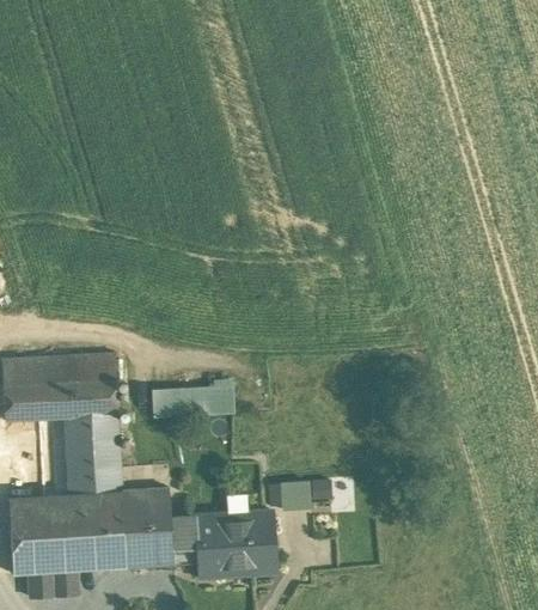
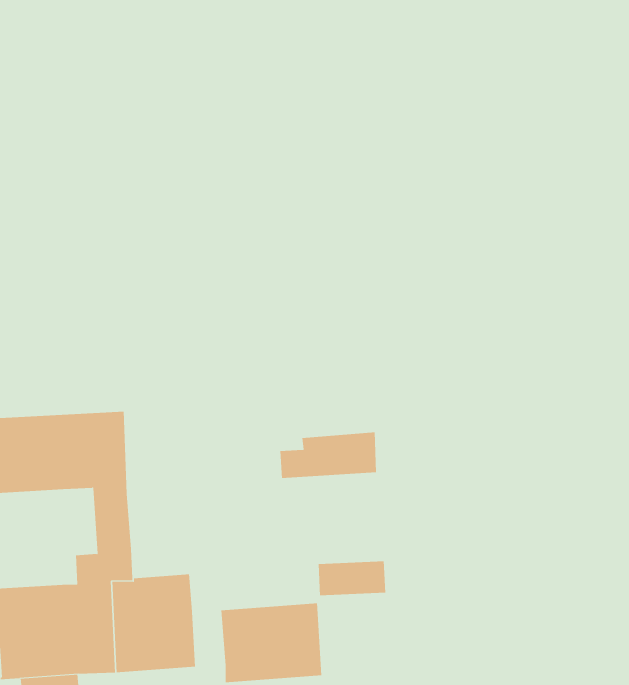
building: [152,378,232,416] -> [280,432,377,478]
building: [63,417,91,496] -> none
building: [170,518,196,565] -> none

